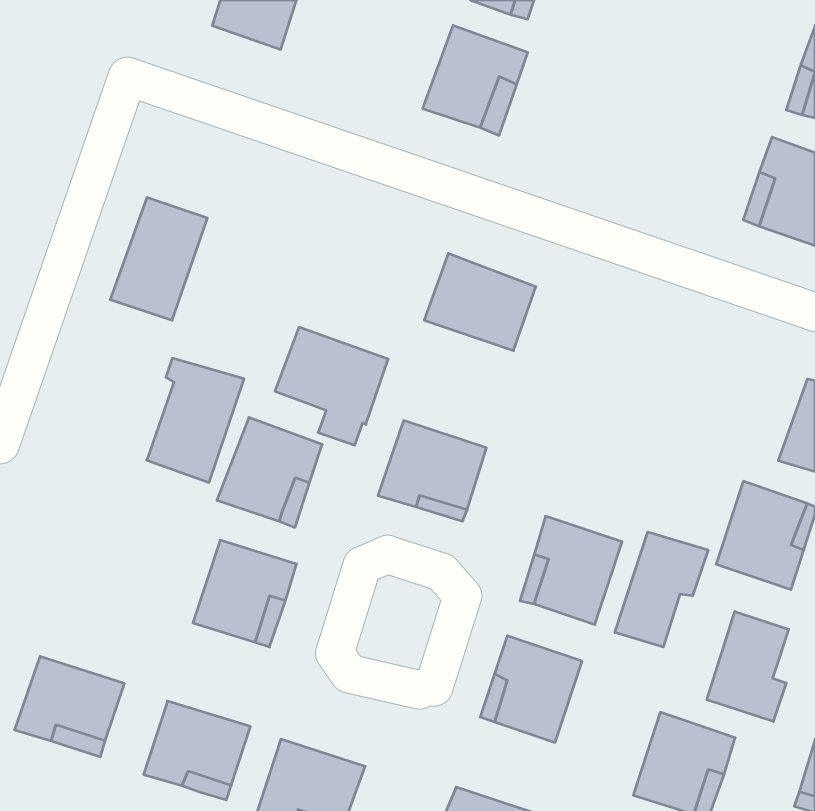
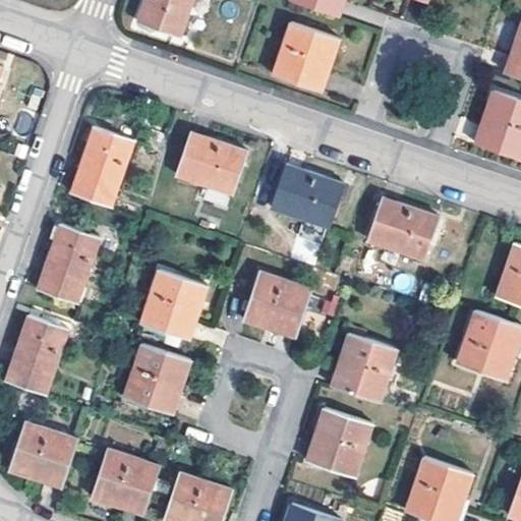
building: none -> [366,198,438,259]
building: [275,327,388,445] -> [174,131,246,207]
building: [147,358,244,482] -> [37,225,99,304]
building: none -> [5,316,68,395]
building: [615,532,708,647] -> none
building: [707,611,789,722] -> none

